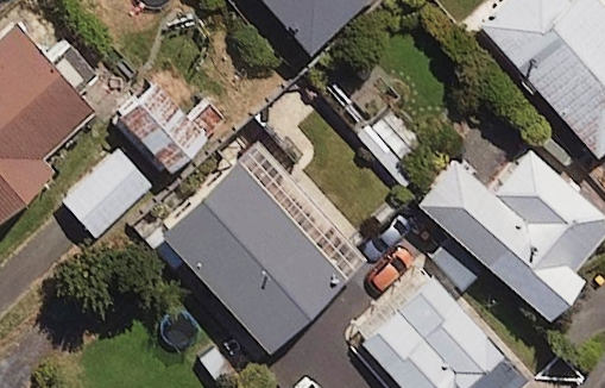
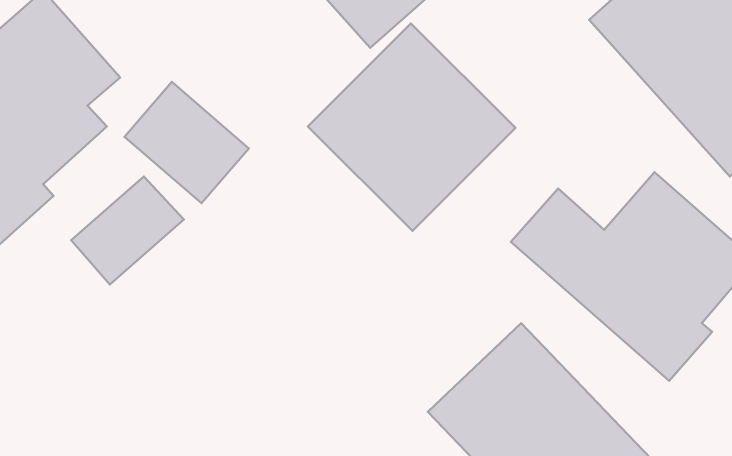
building: none -> [308,24,516,231]
building: [162,163,342,343] -> none

